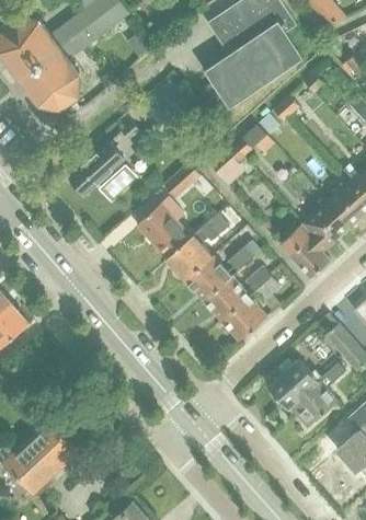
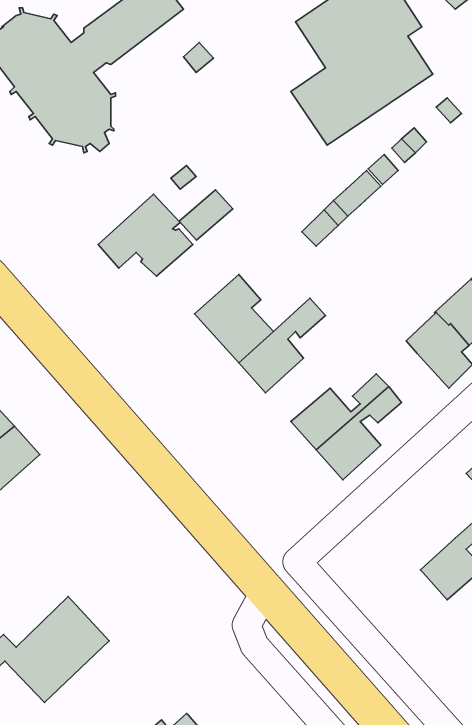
building: [161,162,198,197] -> [179,190,233,240]
building: [185,245,253,299] -> none
building: [267,359,317,407] -> none

